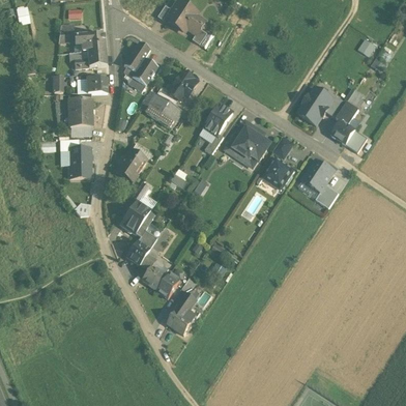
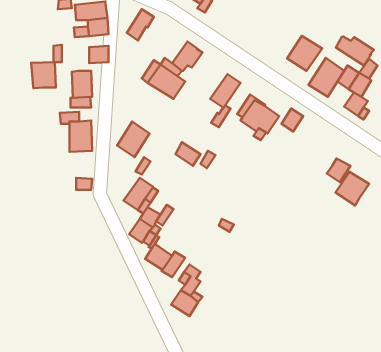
building: [130,57,157,85] -> none
building: none -> [287,36,322,71]
building: none -> [336,36,374,66]
building: none -> [31,62,56,88]
building: [263,157,294,188] -> none
building: [302,158,335,191] -> [336,172,369,205]

